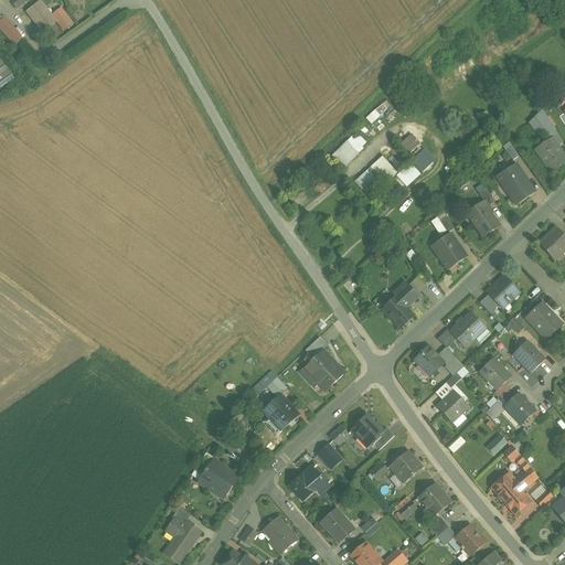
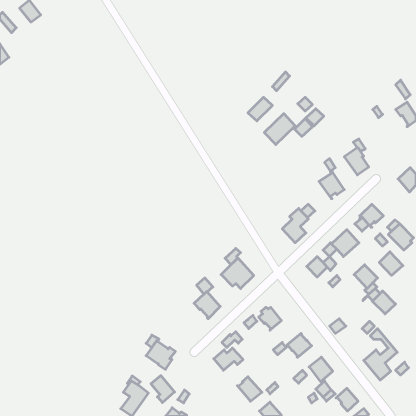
building: [497,163,535,202] -> none
building: [436,390,469,422] -> none
building: [264,518,296,554] -> [151,376,175,403]

